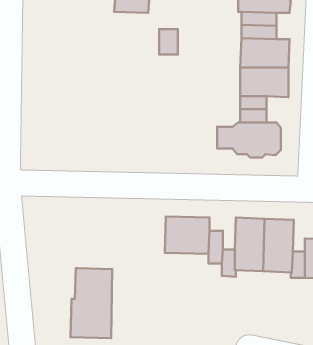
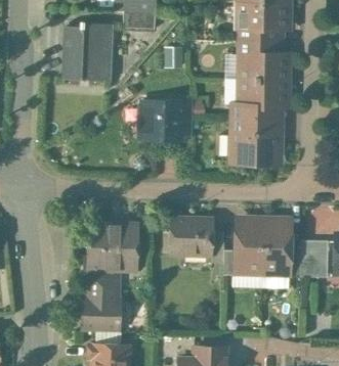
building: none -> [63,21,111,79]
building: none -> [141,101,192,139]
building: none -> [89,225,136,268]

